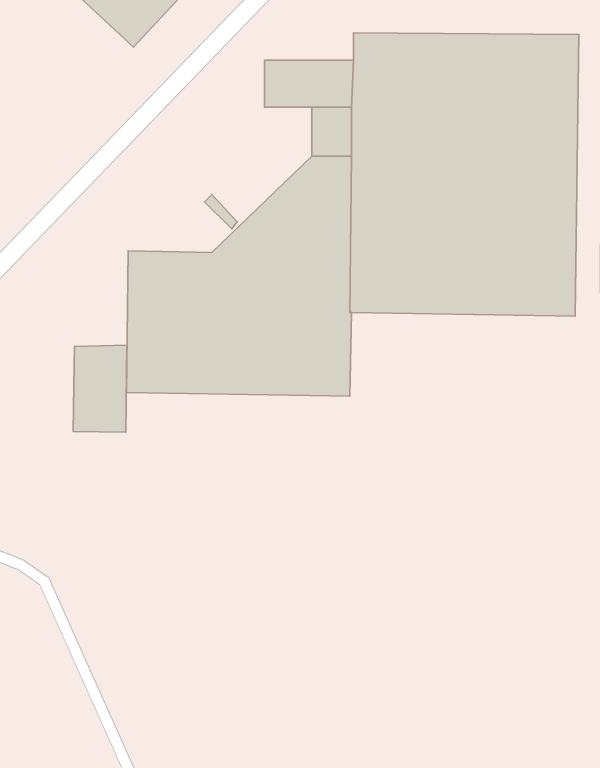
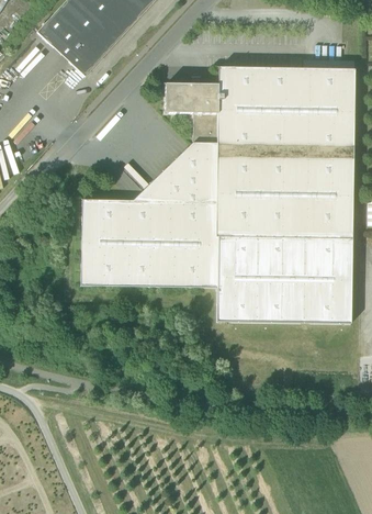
building: none -> [216,236,352,322]
building: [73,345,127,432] -> none

